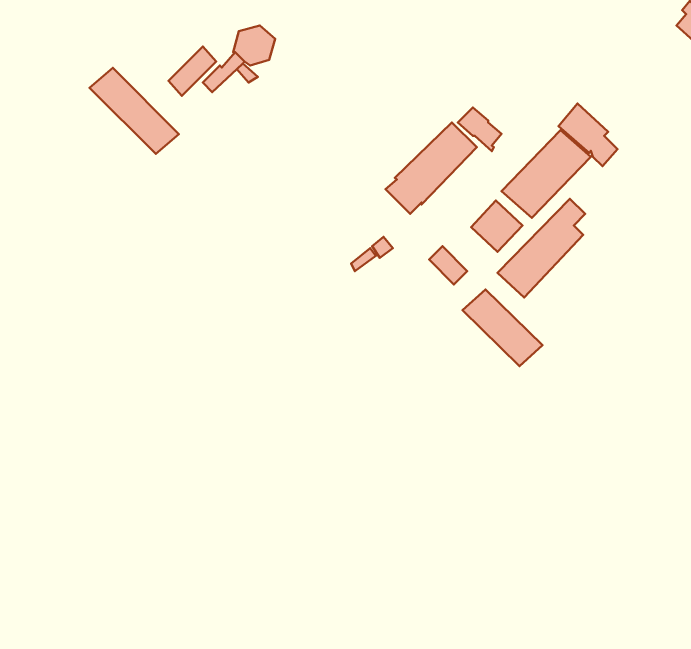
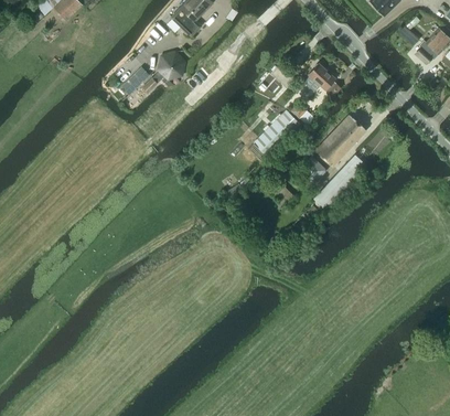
building: [90,68,179,154] -> none
building: [559,103,618,166] -> [307,61,341,97]
building: [462,289,543,366] -> none

